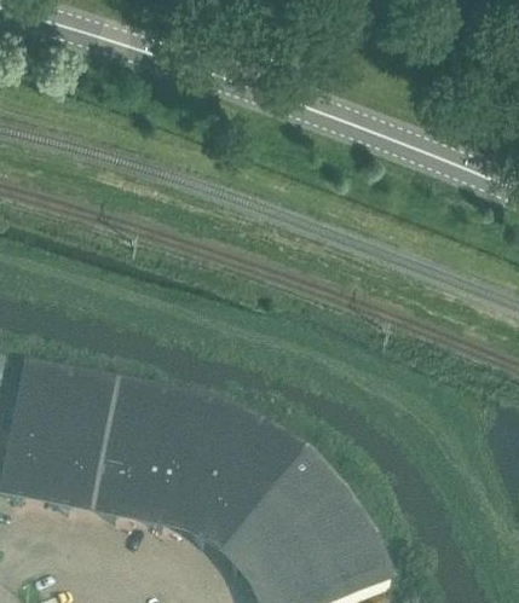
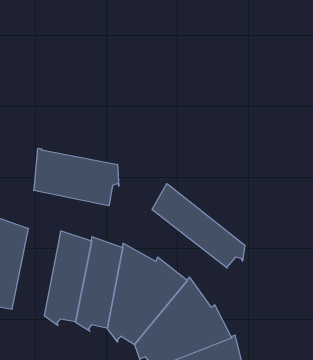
building: none -> [34,148,119,206]
building: none -> [152,184,245,268]
building: [47,369,117,508] -> none

